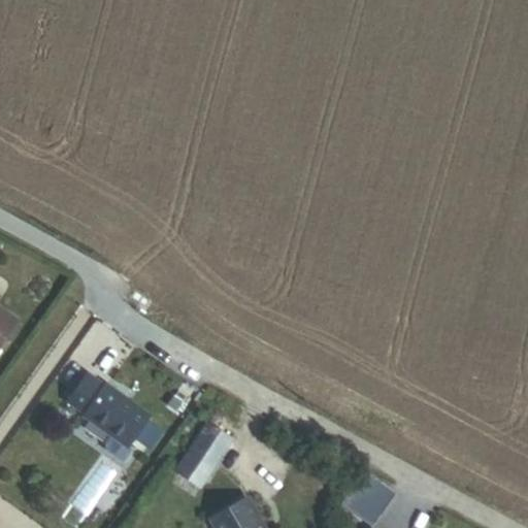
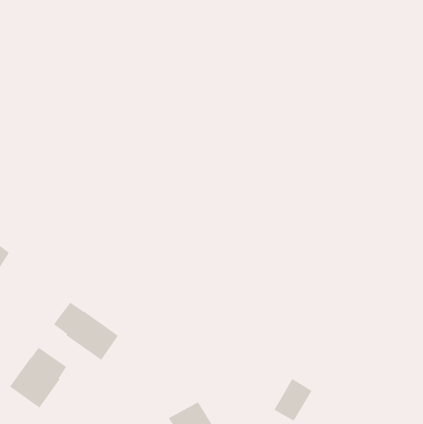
building: [188,424,232,471] -> none
building: none -> [9,347,67,409]

